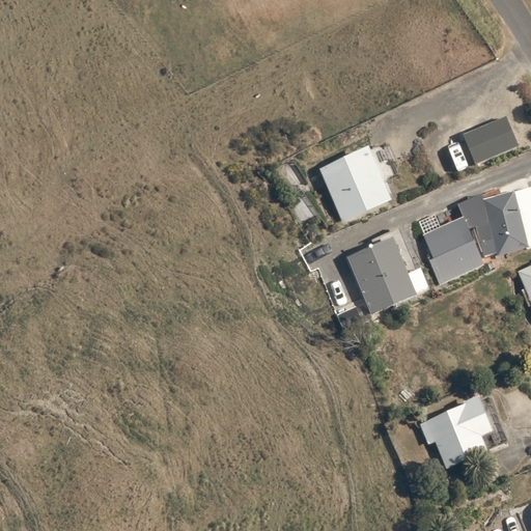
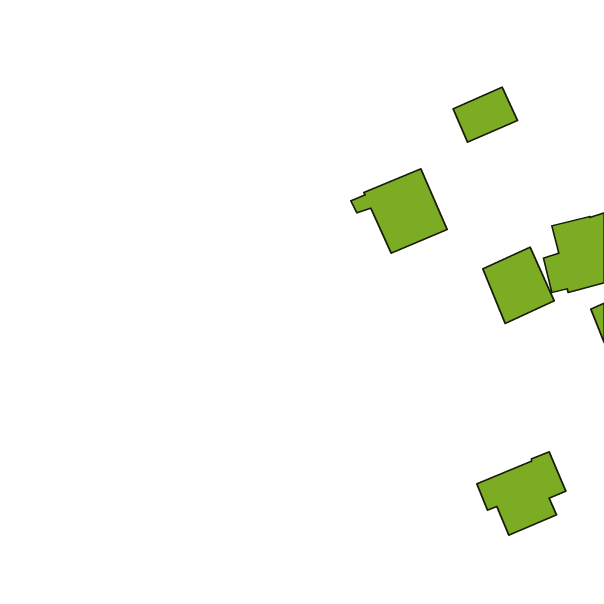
building: [462,116,518,164] -> [453,87,518,142]
building: [347,235,417,313] -> none

